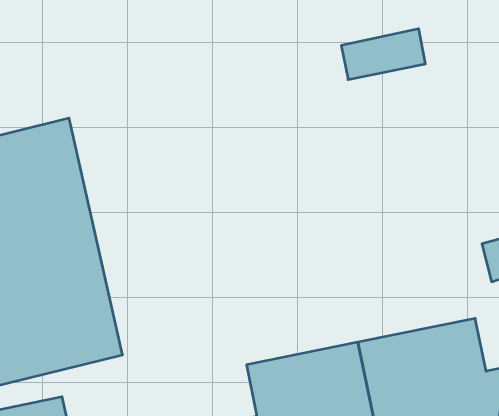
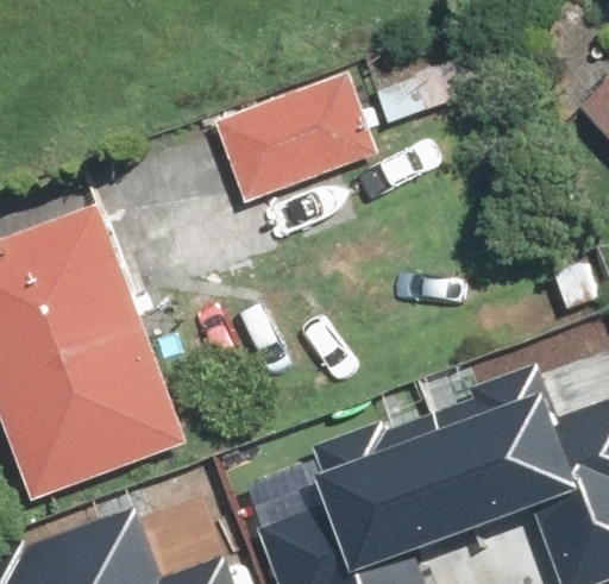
building: none -> [212,74,378,203]

